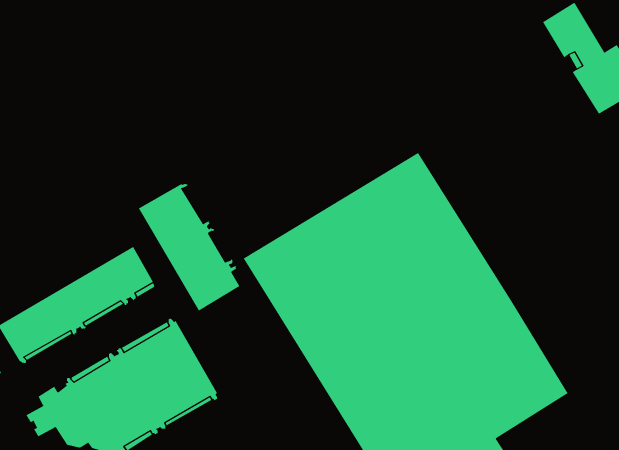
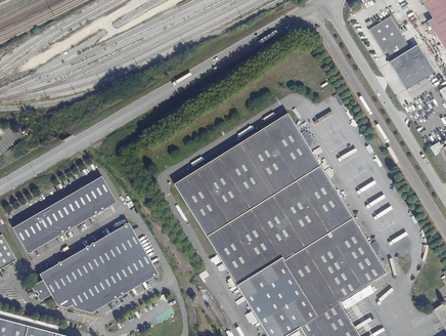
building: [138,183,240,311] -> none

